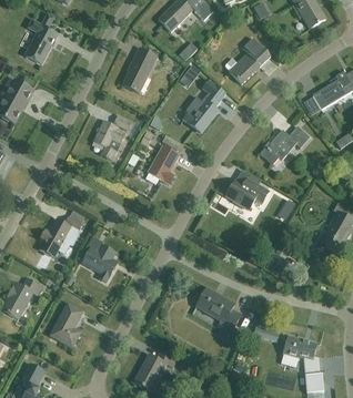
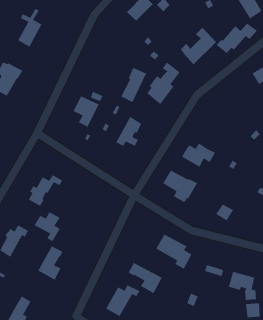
building: [123,48,157,92] -> [120,67,147,103]
building: [259,125,310,164] -> [216,22,258,54]
building: none -> [162,169,198,203]
building: [82,244,115,282] -> [34,211,61,242]
building: none -> [128,262,163,294]

